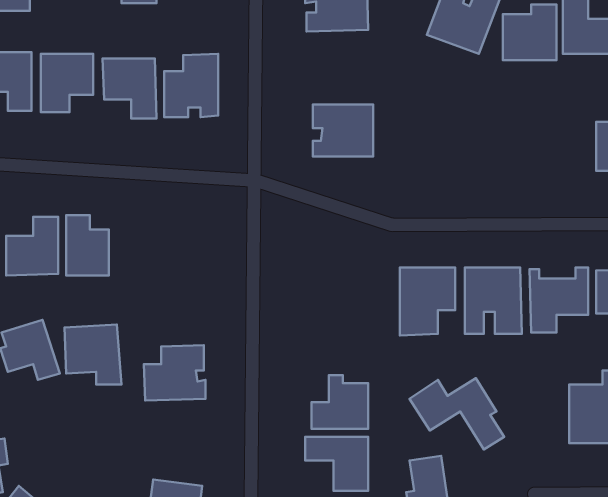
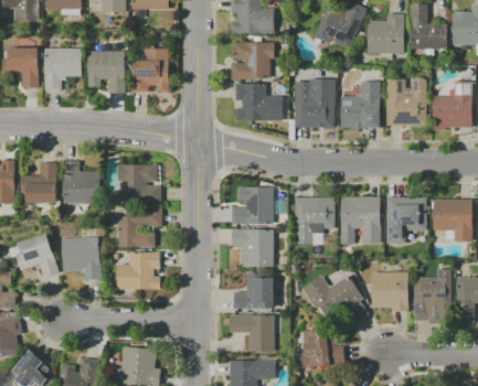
building: none -> [231,42,275,79]
building: none -> [386,78,426,126]
building: none -> [295,79,334,127]
building: none -> [341,82,380,127]
building: none -> [117,164,161,202]
building: none -> [231,186,274,224]
building: none -> [118,210,161,247]
building: none -> [232,229,274,266]
building: none -> [372,271,408,311]

